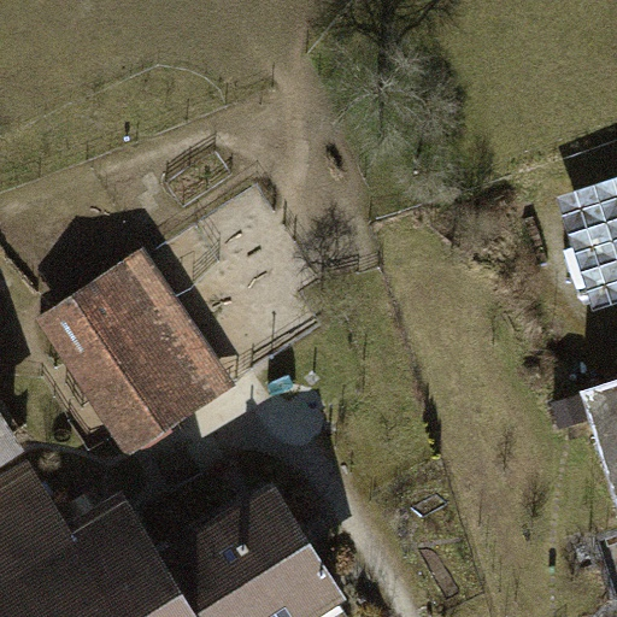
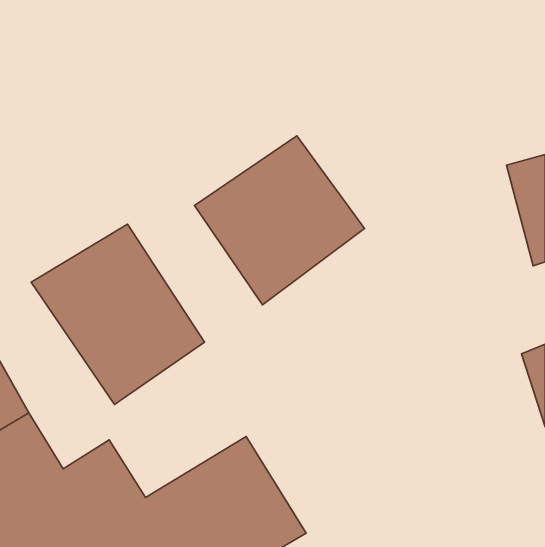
building: none -> [195,136,364,305]

